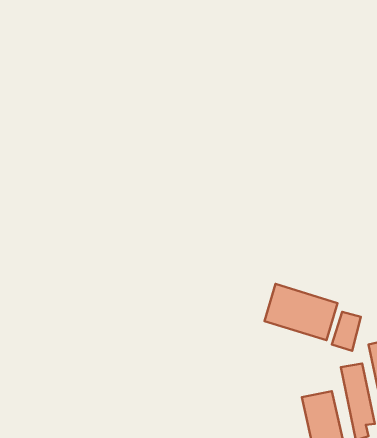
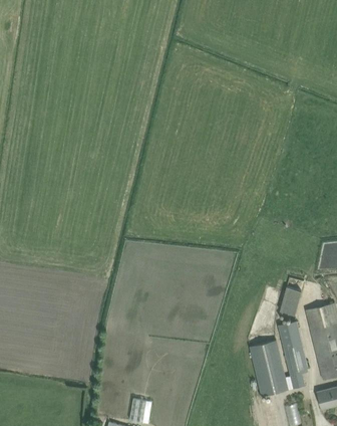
building: [265,284,338,340] -> none

